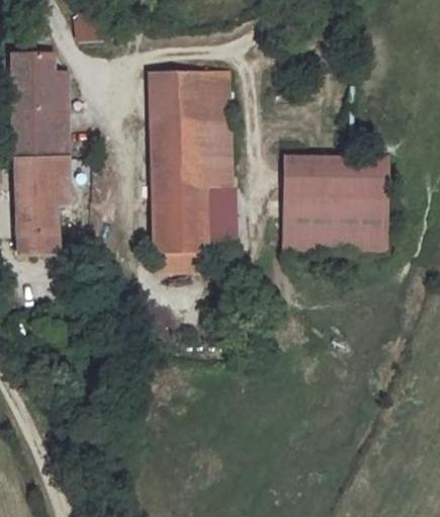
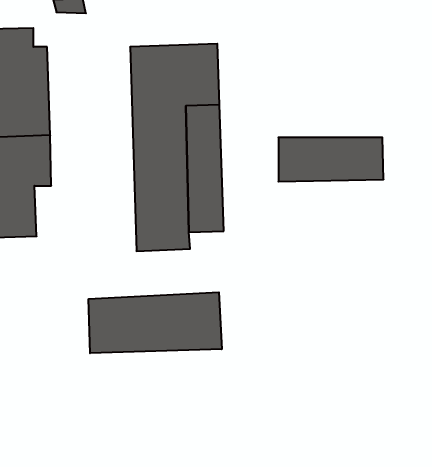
building: [289,197,390,250] -> none
building: none -> [89,292,222,353]

